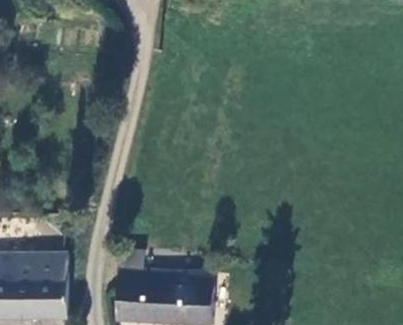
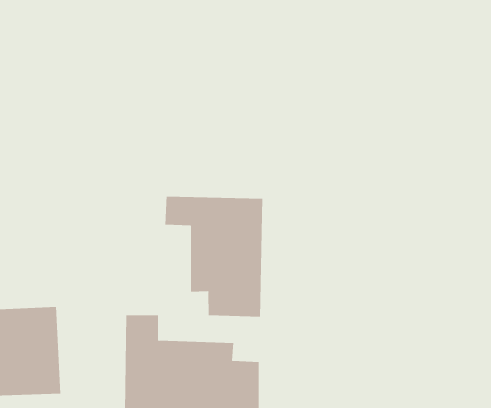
building: none -> [165,196,263,318]

